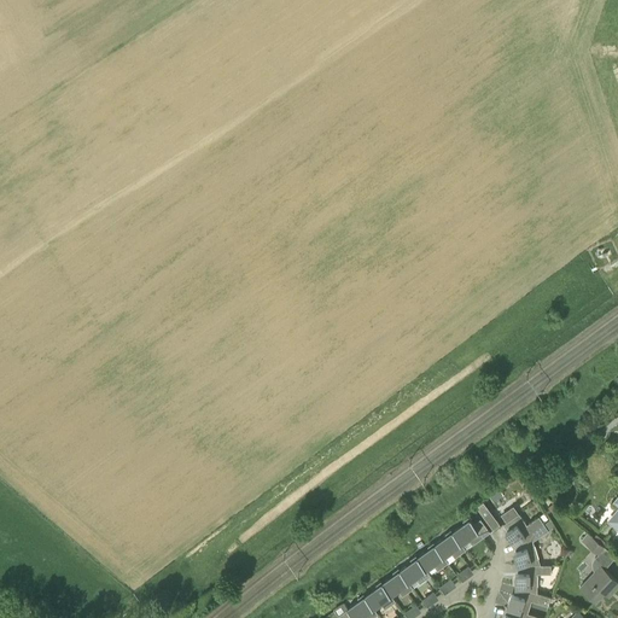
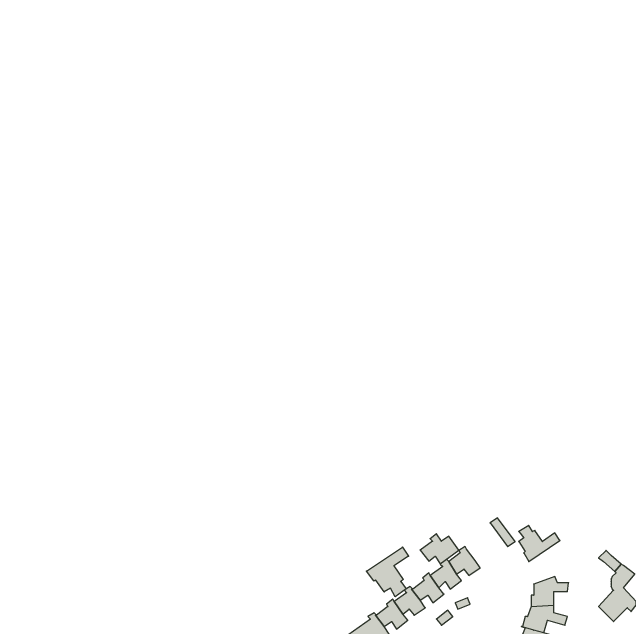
building: [451,519,489,548] -> [420,534,459,564]
building: [512,526,547,569] -> none
building: none -> [366,547,409,597]

